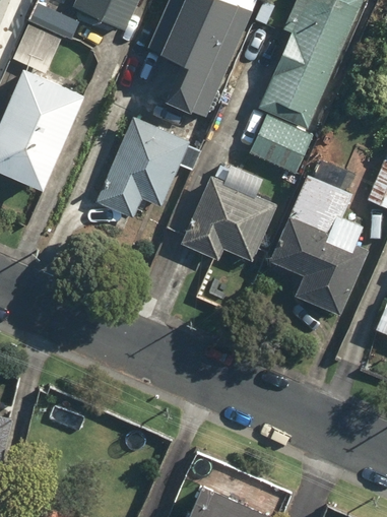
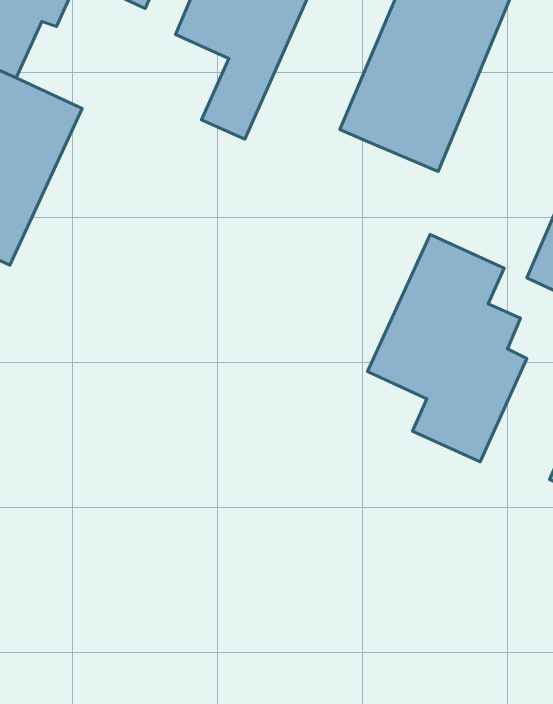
building: [250,114,312,173] -> none
building: [95,117,193,218] -> none
building: [178,166,281,266] -> none

